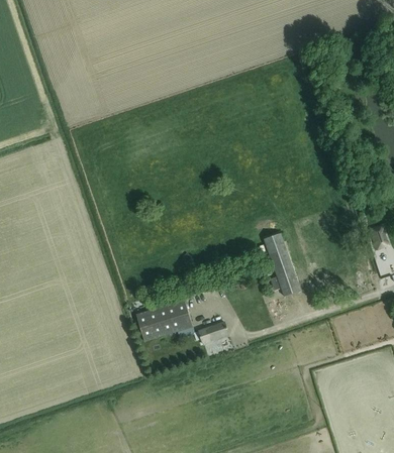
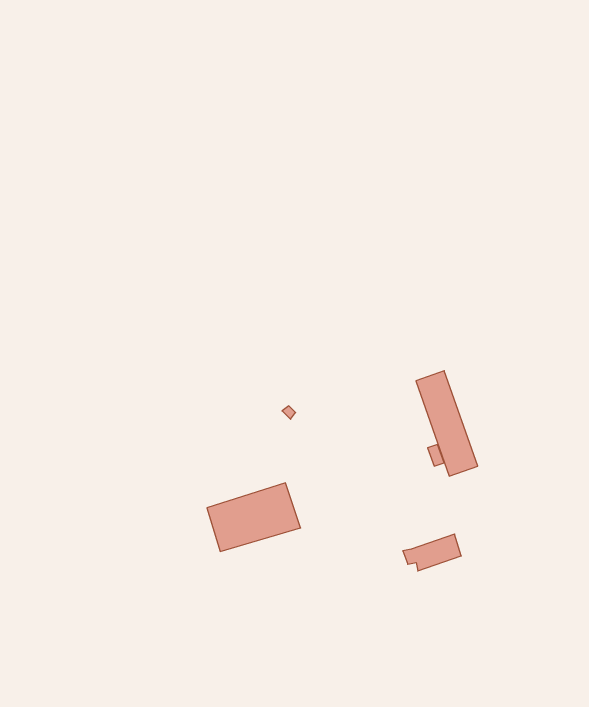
building: [193,322,228,344] -> [403,534,461,571]

